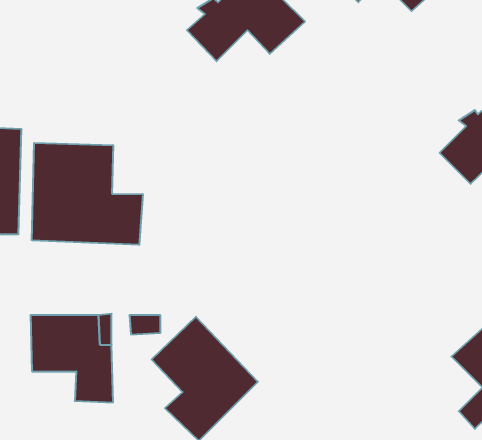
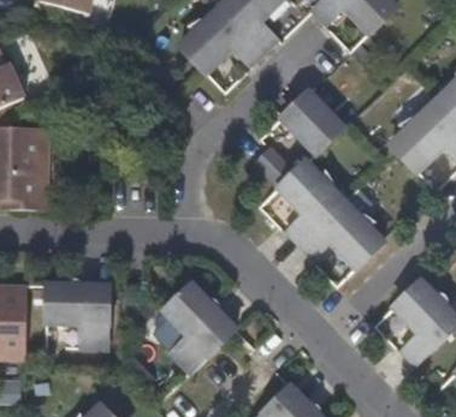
building: none -> [279,88,338,147]
building: [32,143,143,245] -> none
building: none -> [259,154,385,269]

